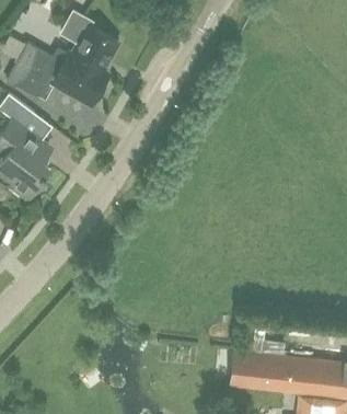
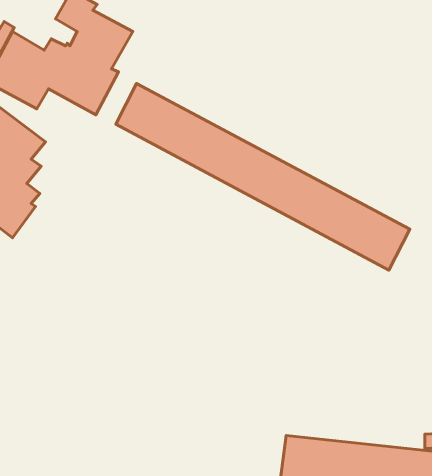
building: none -> [116,83,410,270]

